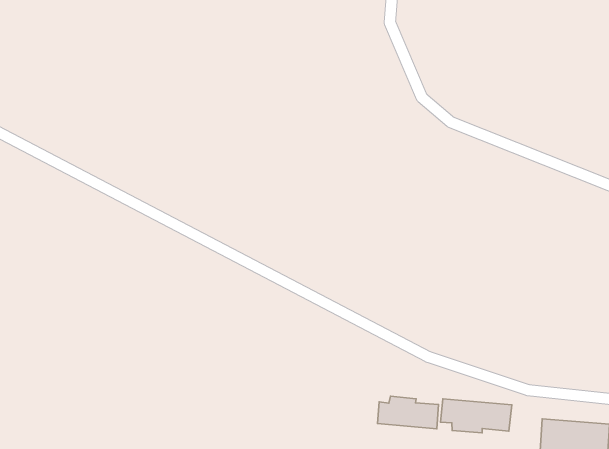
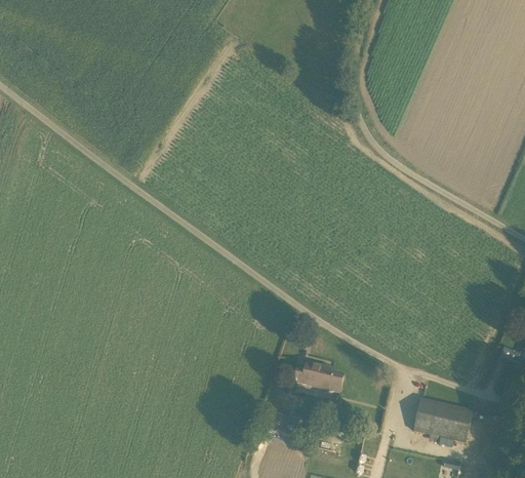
building: [441,399,512,433] -> none

